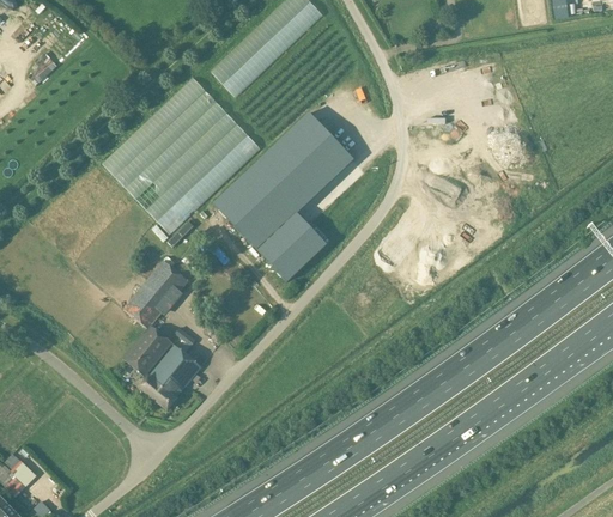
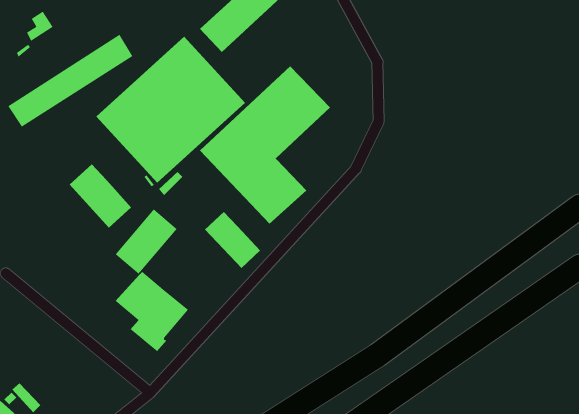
building: none -> [7,34,133,127]
building: none -> [69,163,132,229]
building: none -> [204,211,261,269]

